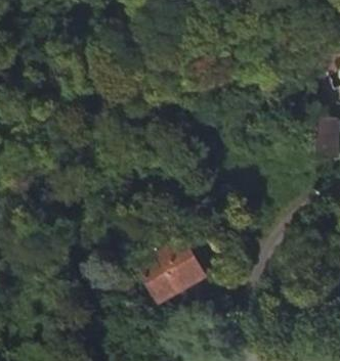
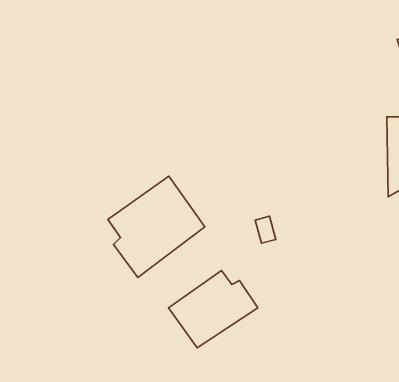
building: none -> [108,176,205,278]

